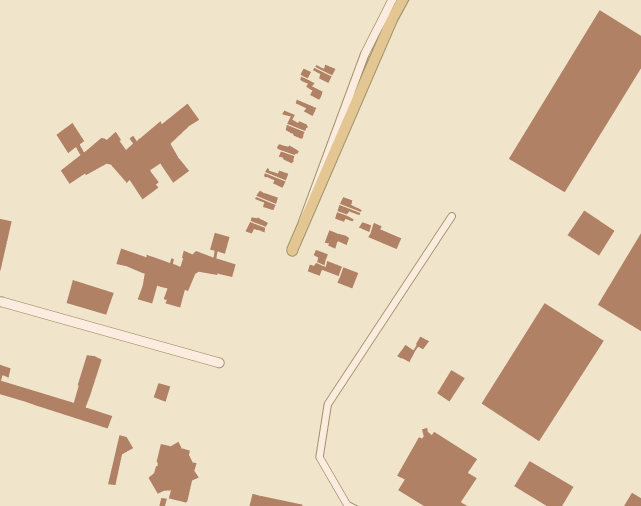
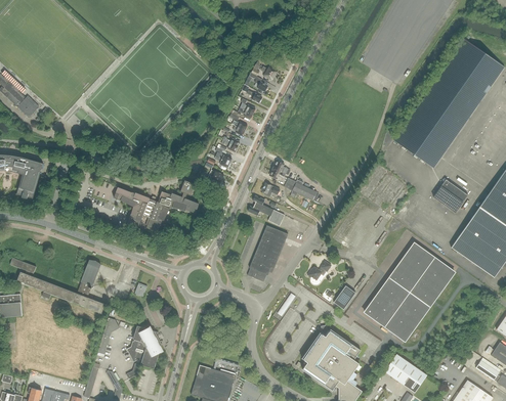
building: [55,102,200,200] -> none
building: [66,279,115,316] -> none
building: none -> [248,224,288,281]

